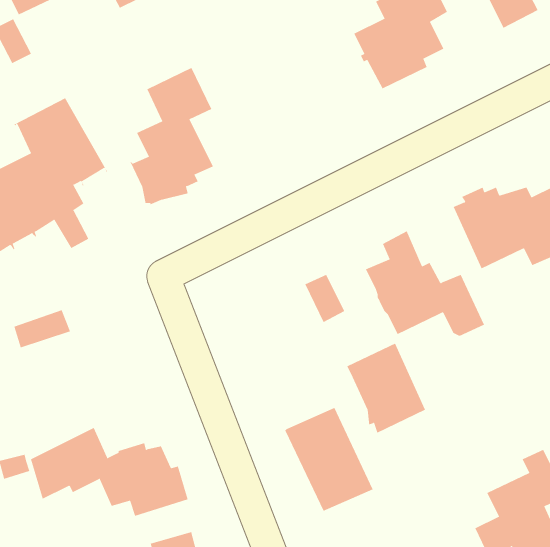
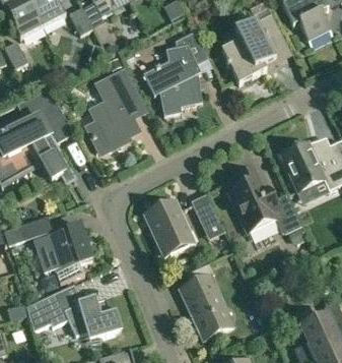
building: none -> [143,35,202,114]
building: none -> [33,223,91,282]
building: [347,343,426,434] -> [145,198,193,253]

